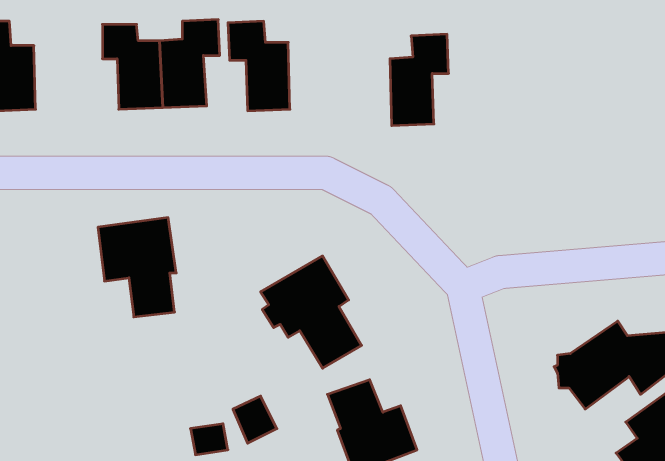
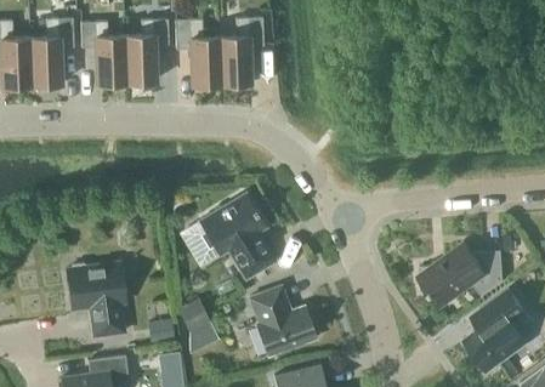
building: none -> [30,17,74,89]
building: [390,34,449,126] -> [220,17,263,85]
building: [98,218,176,317] -> [67,262,125,336]

